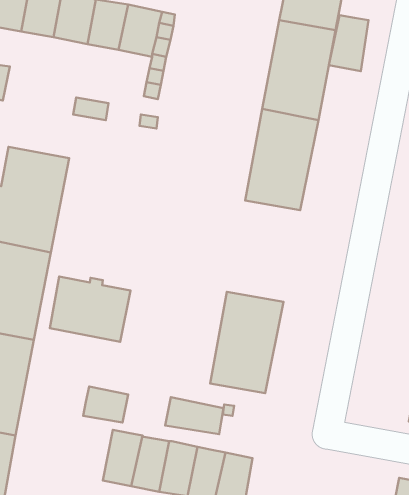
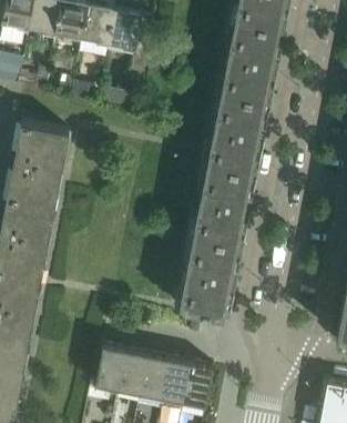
building: [329,15,368,71] -> none
building: none -> [193,164,251,244]
building: [50,276,131,342] -> none
building: [83,387,128,423] -> none
building: [165,397,224,434] -> none

